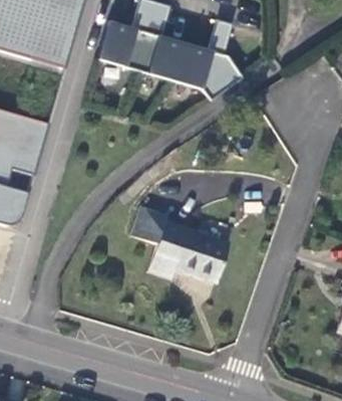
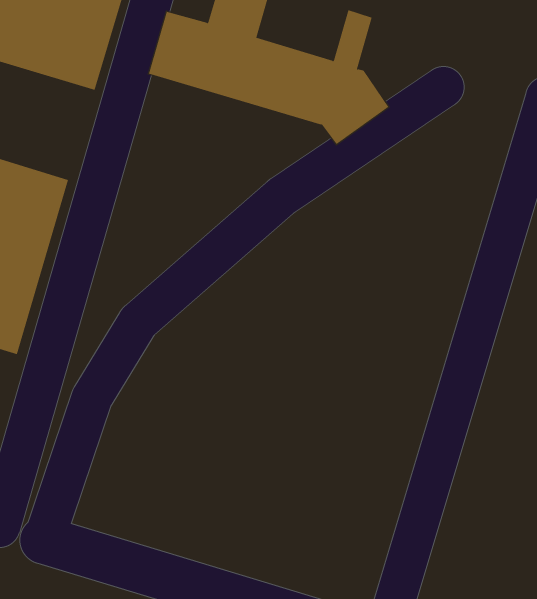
building: [127,206,227,281] -> none

